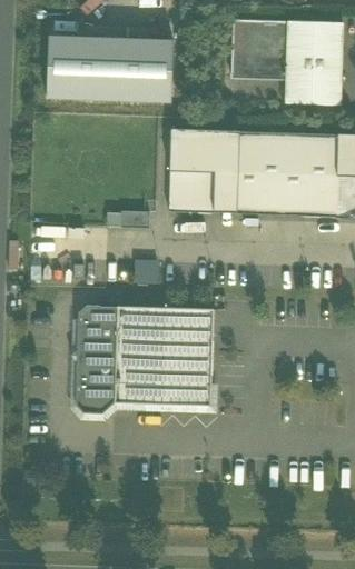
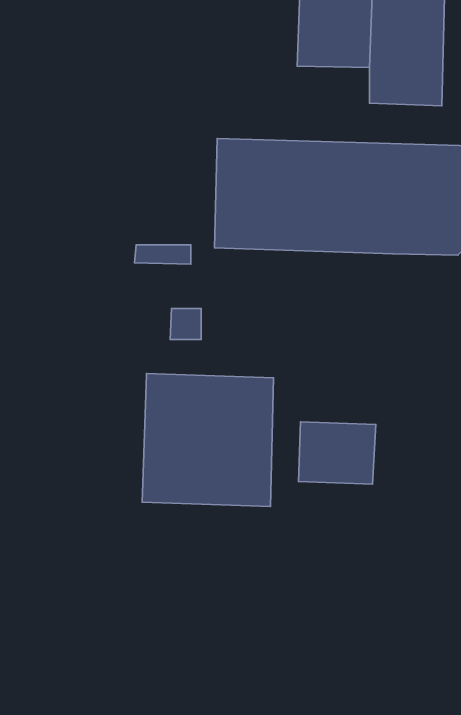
building: [45,36,171,101] -> none
building: [69,305,116,413] -> none
building: none -> [298,422,376,484]

